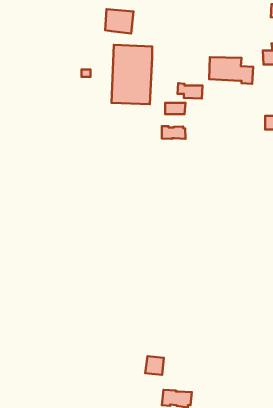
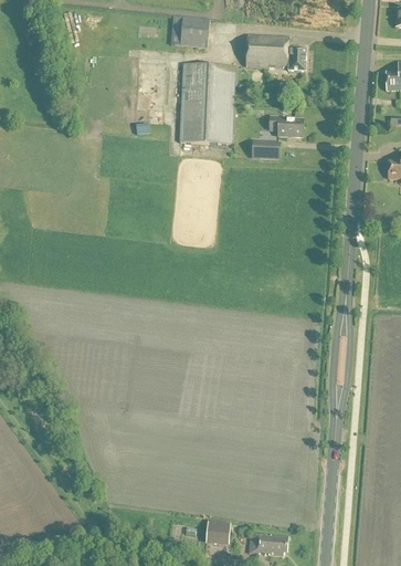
building: [209,57,253,84] -> [245,34,305,71]
building: [162,126,185,139] -> none
building: [145,356,164,375] -> [204,520,230,545]

